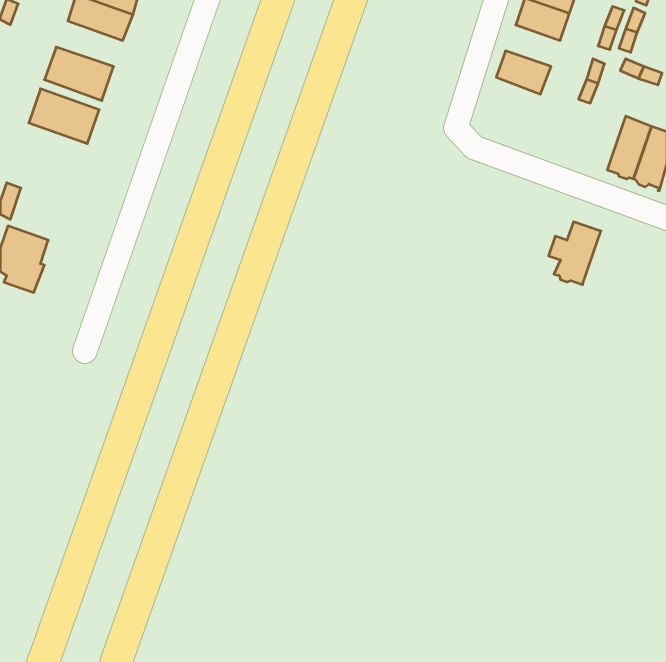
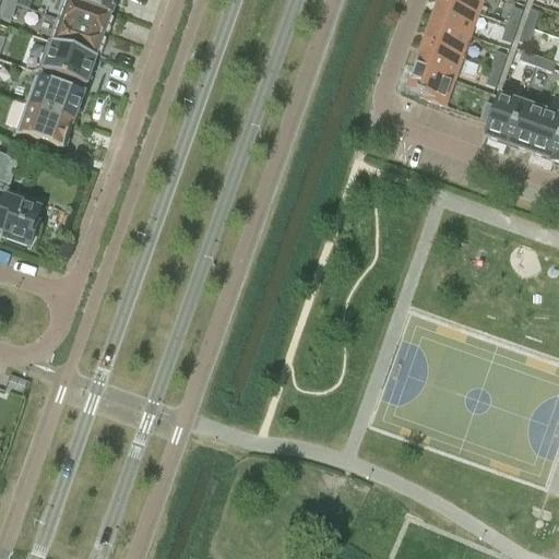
building: none -> [48,17,104,56]
building: none -> [424,21,469,56]
building: none -> [408,64,453,105]
building: none -> [15,103,74,147]
building: [549,222,601,285] -> [480,90,524,142]

